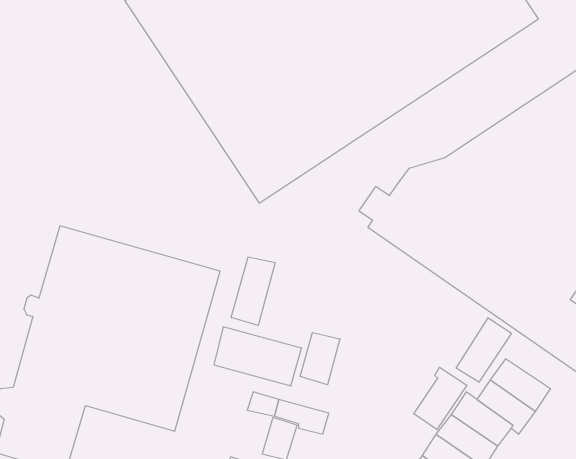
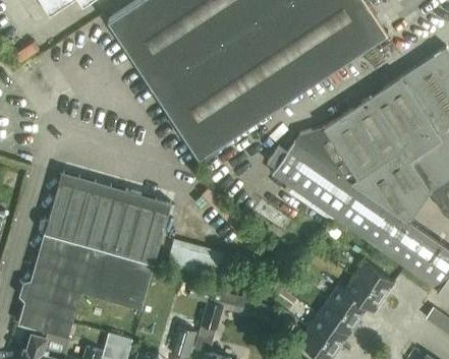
building: [231,257,275,326] -> none
building: [456,318,511,382] -> none
building: [300,333,340,385] -> none
building: [414,367,467,430] -> none

